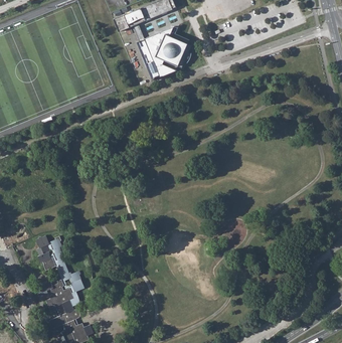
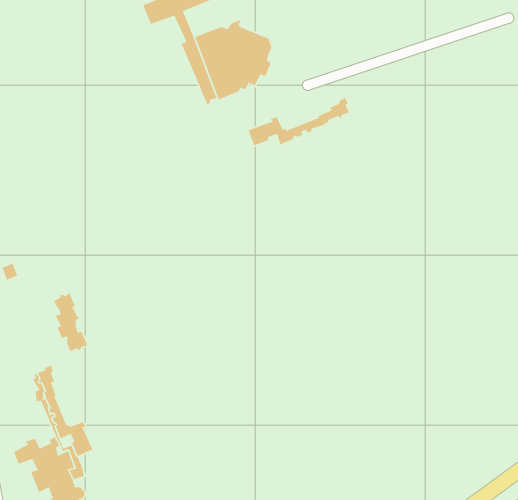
building: none -> [247,97,350,146]
building: [34,234,55,271] -> [53,292,88,352]

